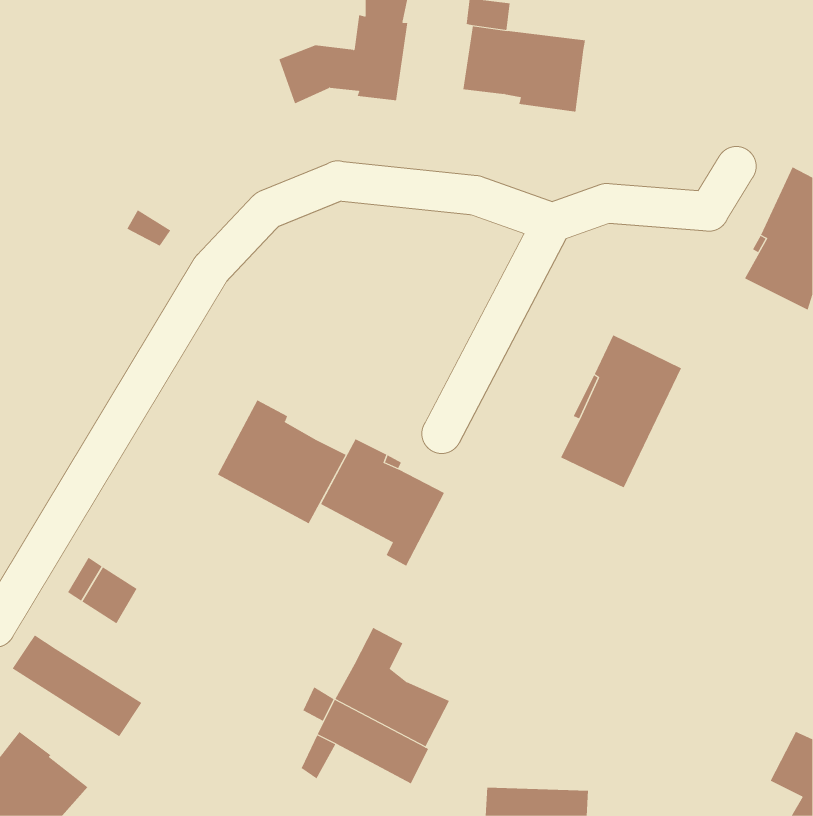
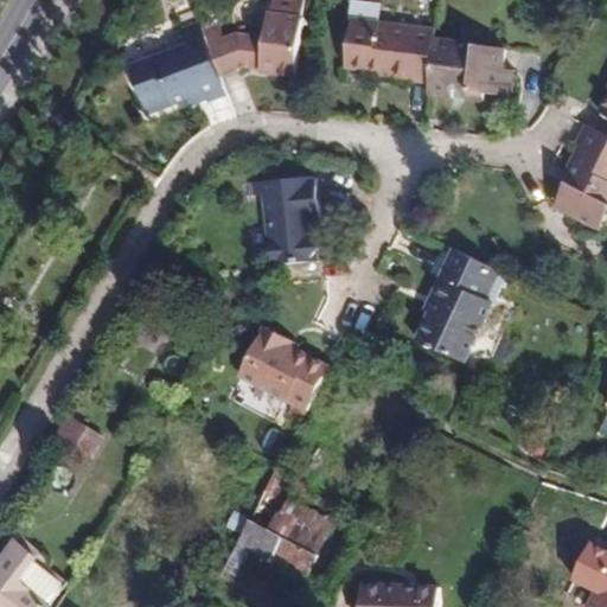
building: none -> [128,15,221,113]
building: none -> [426,37,511,101]
building: none -> [250,175,321,264]
building: [217,399,347,524] -> none
building: [12,634,142,737] -> none

